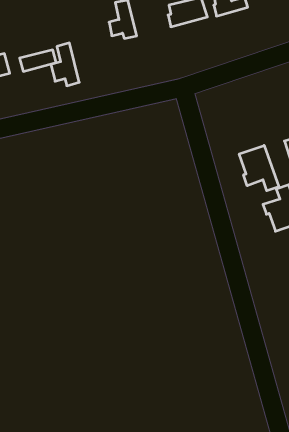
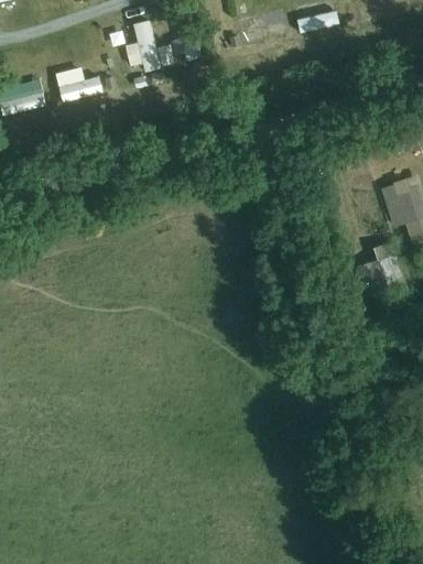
building: [51,43,79,86] -> [124,19,160,72]
building: [239,145,279,191] -> none

